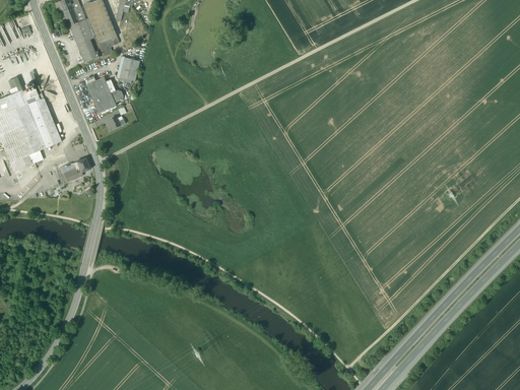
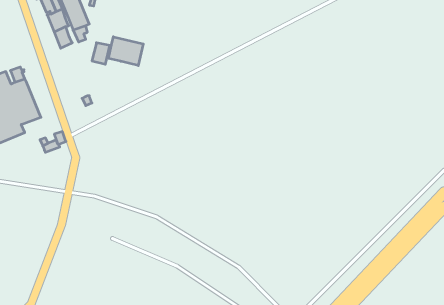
building: none -> [109,37,143,66]
building: [85,77,122,113] -> none

